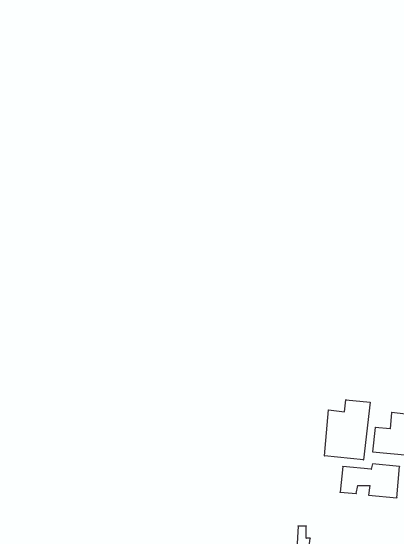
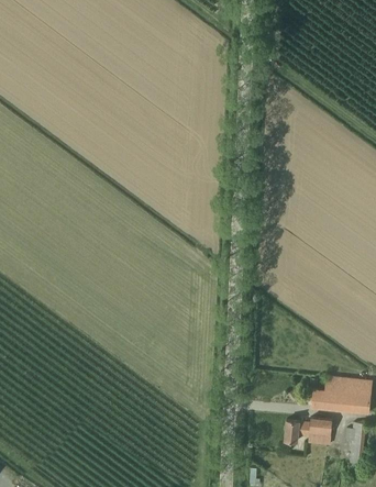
building: [325,400,370,460] -> none

